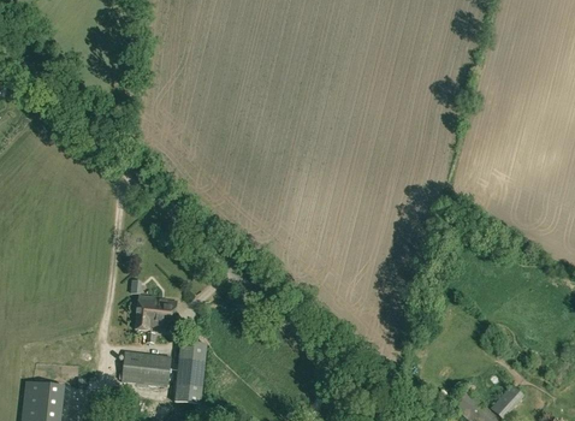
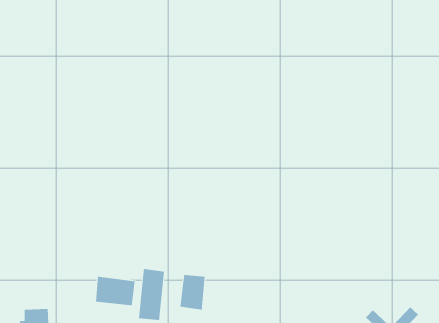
building: [134,295,176,330] -> none
building: none -> [180,274,205,310]

